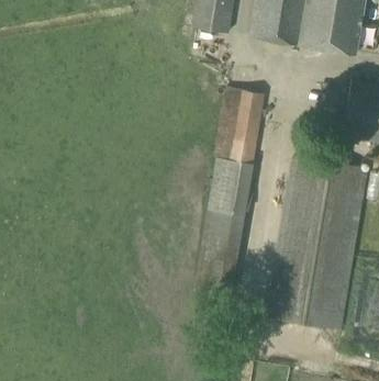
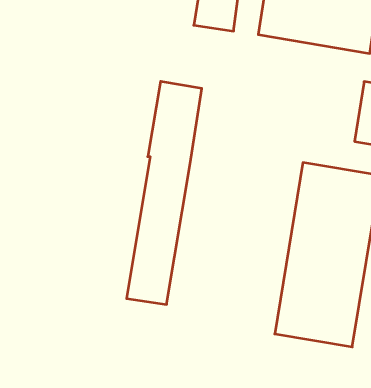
building: [194,87,265,295] -> [127,81,202,304]

